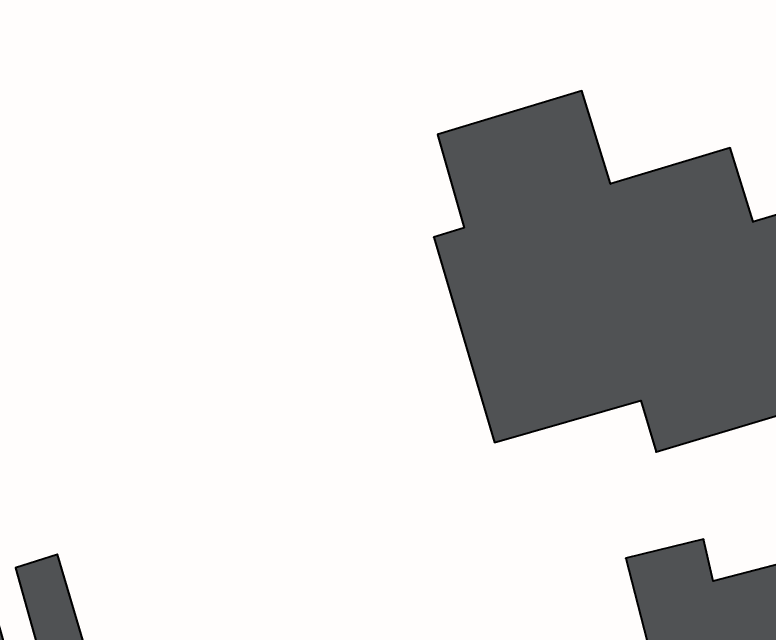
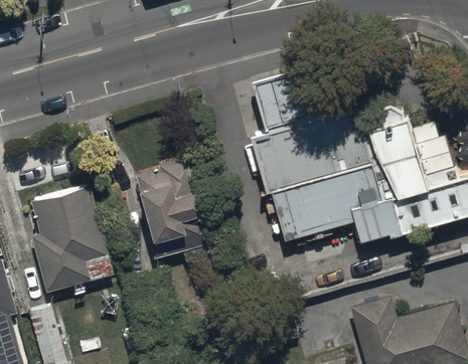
building: none -> [133,159,216,260]
building: none -> [29,182,111,288]

